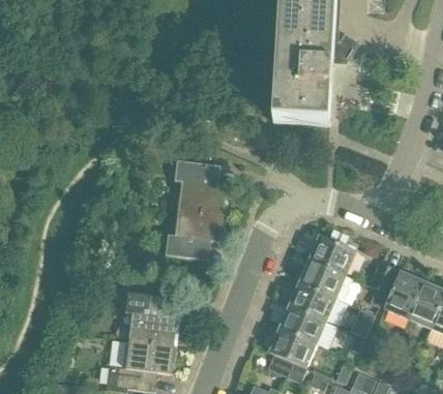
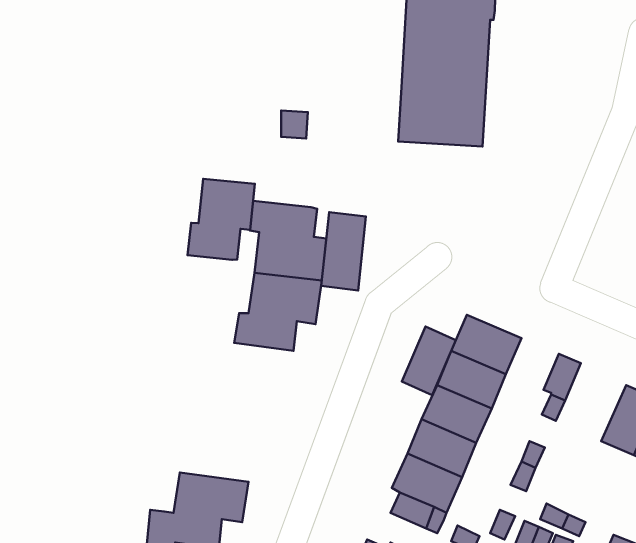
building: none -> [188,179,255,260]
building: none -> [321,212,366,290]
building: none -> [402,327,456,395]
building: [384,271,425,320] -> none
building: [126,291,178,346] -> none

